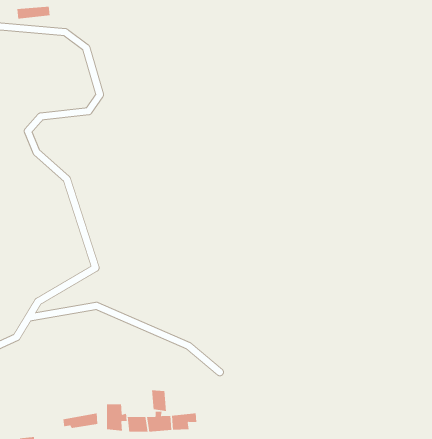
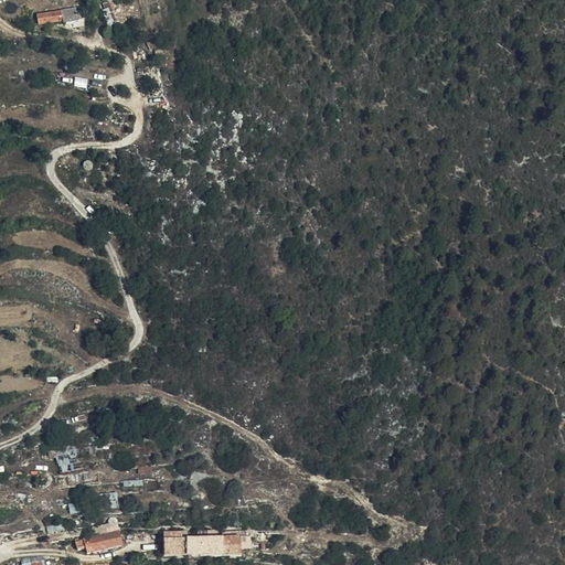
building: [152,390,166,412] -> none
building: [106,403,127,431] -> none

